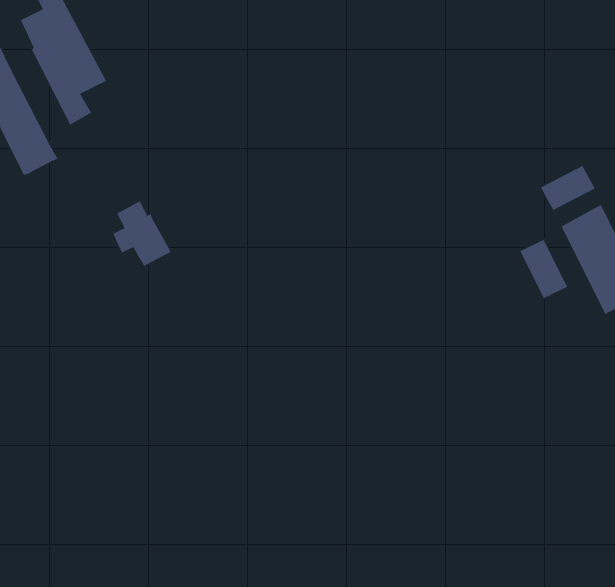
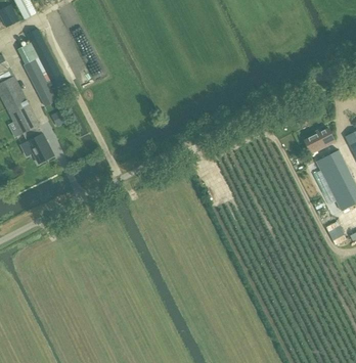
building: [112,200,172,267] -> [20,126,53,163]
building: [519,239,568,299] -> none

